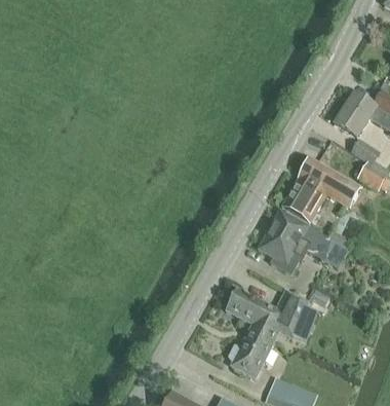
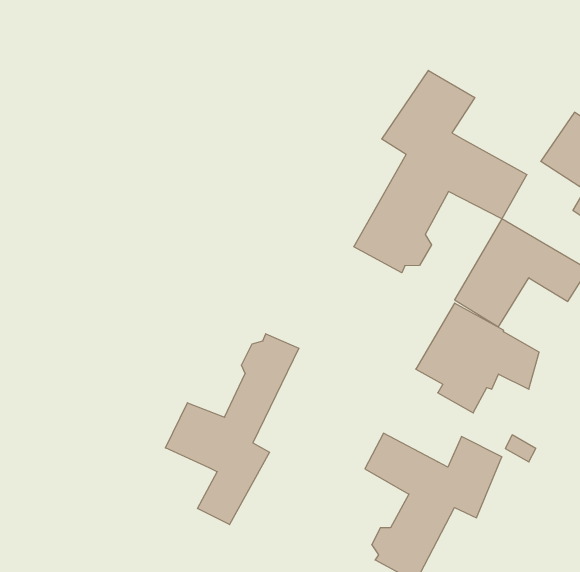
building: none -> [354,70,527,273]
building: none -> [165,334,299,525]

